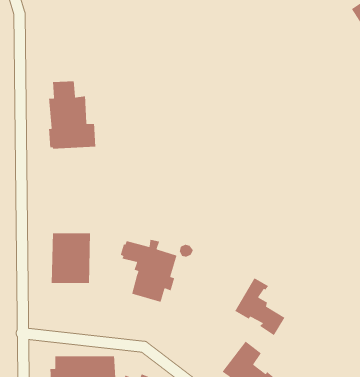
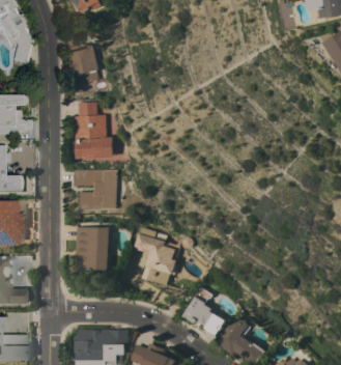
building: none -> [67,41,98,83]
building: none -> [74,170,116,209]
building: [234,277,286,336] -> [183,288,226,337]

